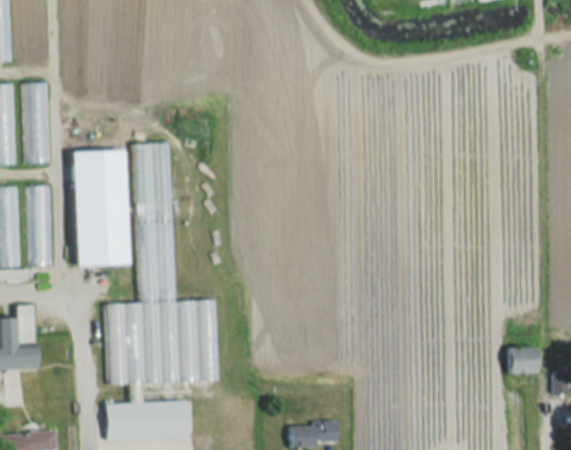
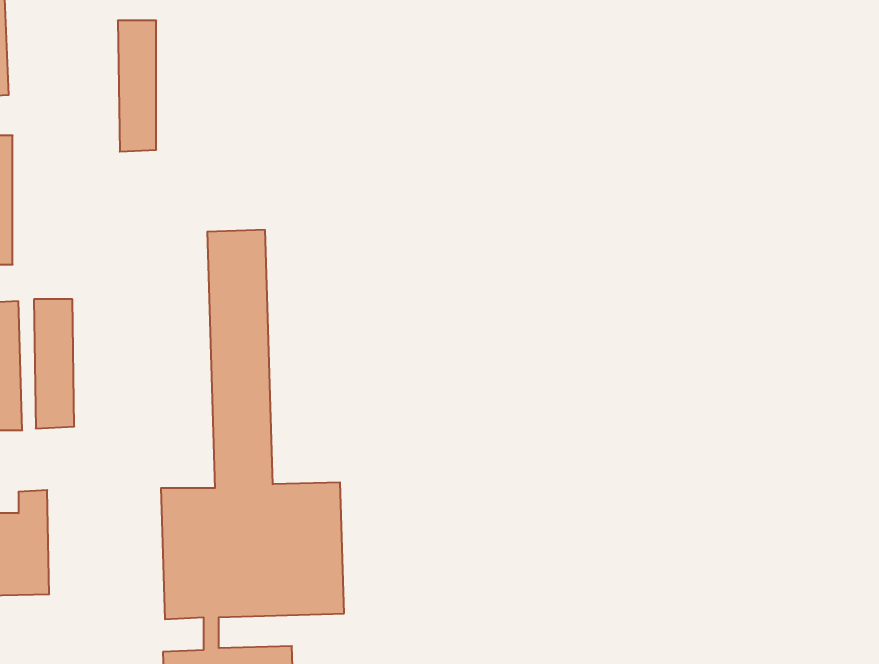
building: [24,83,48,164] -> [118,21,156,152]
building: [73,150,127,264] -> none
building: [509,346,538,373] -> none

